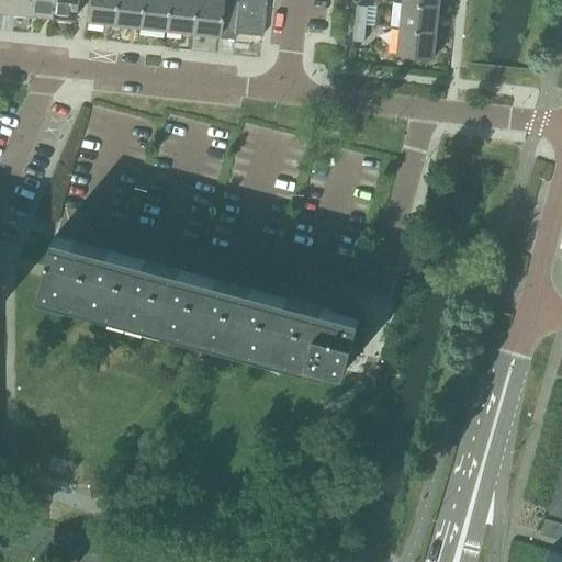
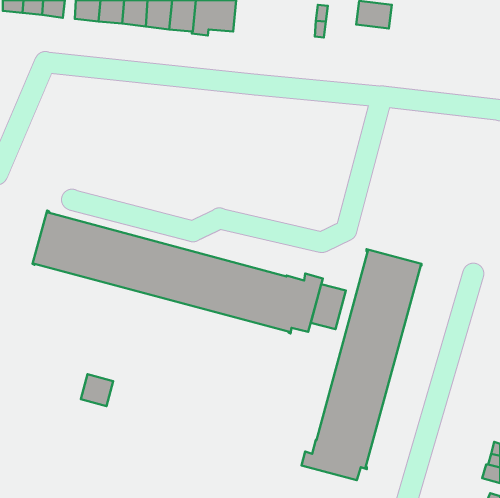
building: [395,33,434,64] -> none
building: none -> [302,249,422,480]
building: none -> [311,284,346,329]
building: none -> [81,374,113,406]

